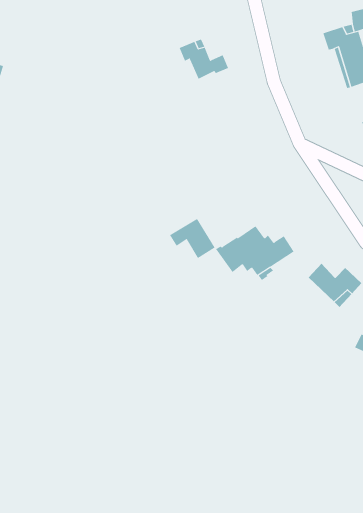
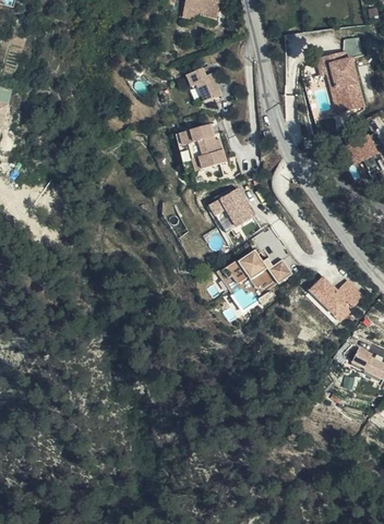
building: none -> [179,122,226,169]
building: [169,218,216,259] -> [206,190,251,229]

